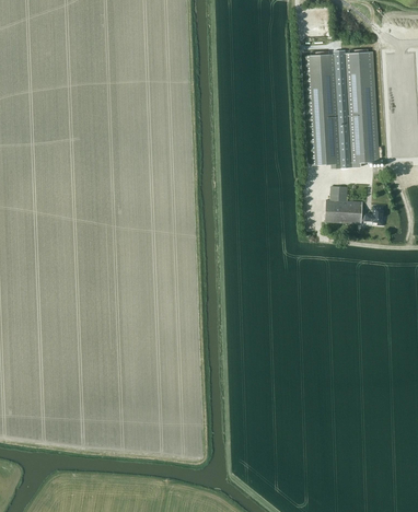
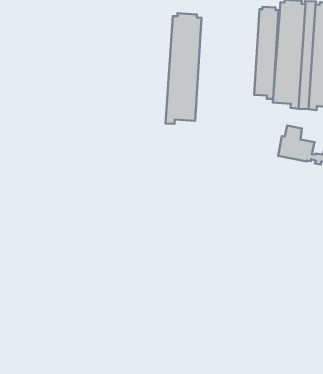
building: none -> [254,7,278,99]
building: none -> [165,13,202,124]

